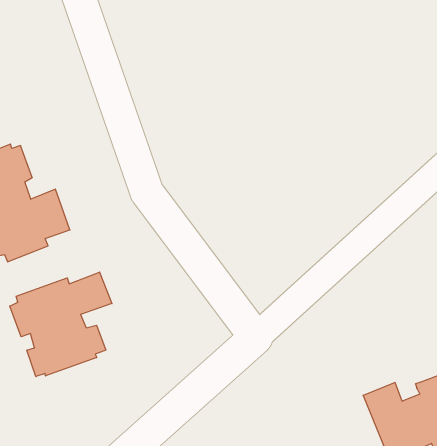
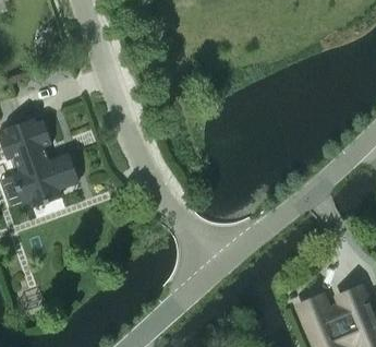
building: [10,272,112,377] -> none

